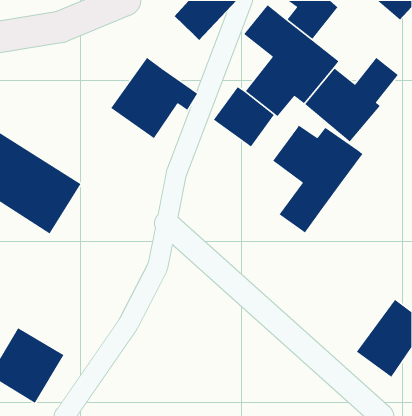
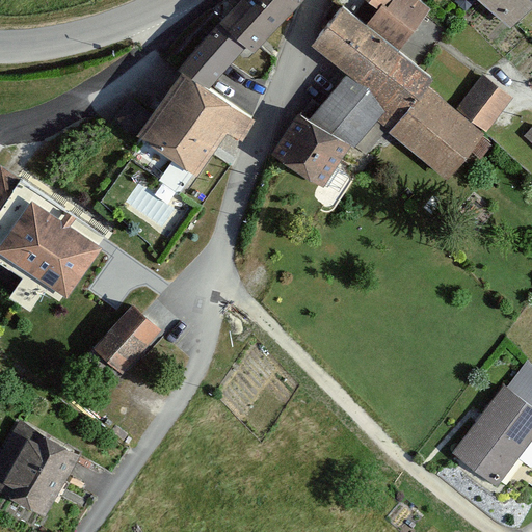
building: none -> [180,21,245,87]
building: [272,125,363,233] -> none
building: none -> [88,303,164,379]

